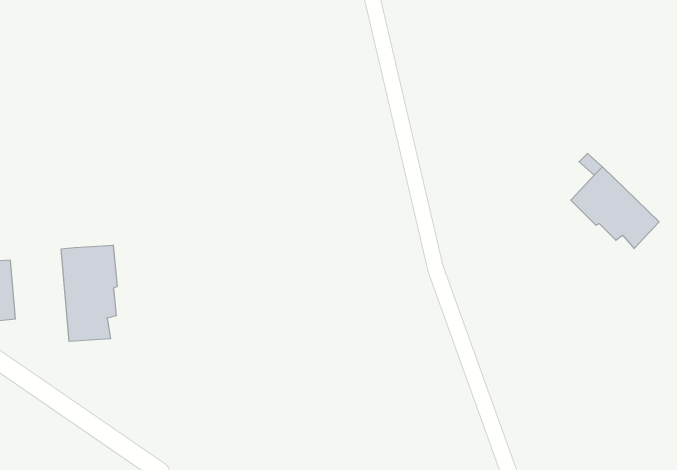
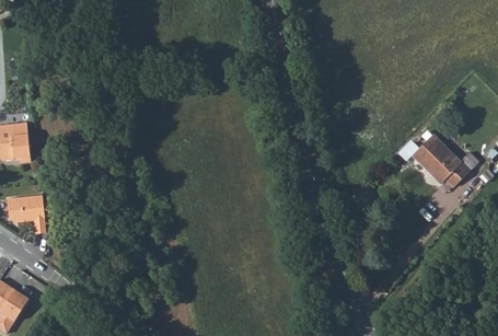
building: [61,245,117,341] -> none

